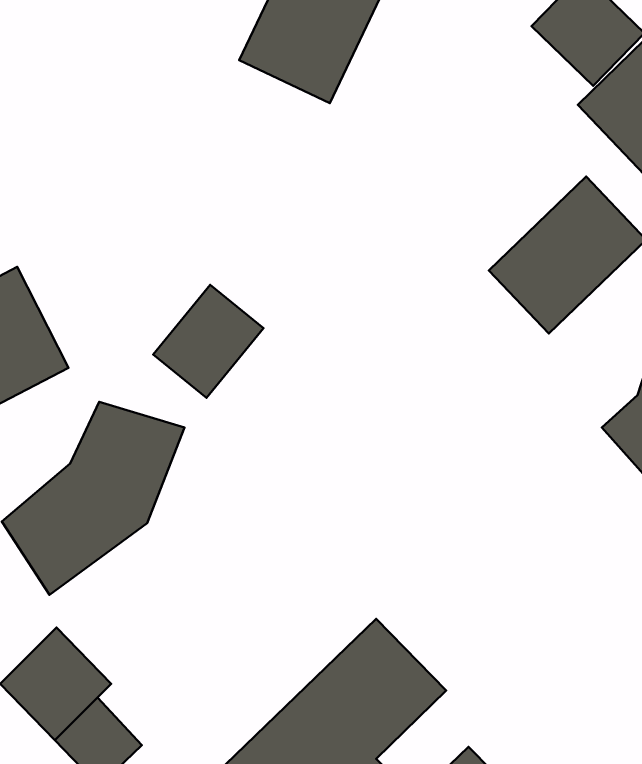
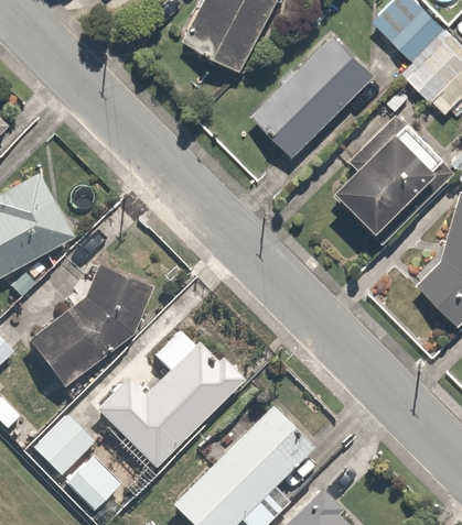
building: none -> [249,33,375,157]
building: [153,285,264,398] -> none
building: none -> [99,330,241,468]

